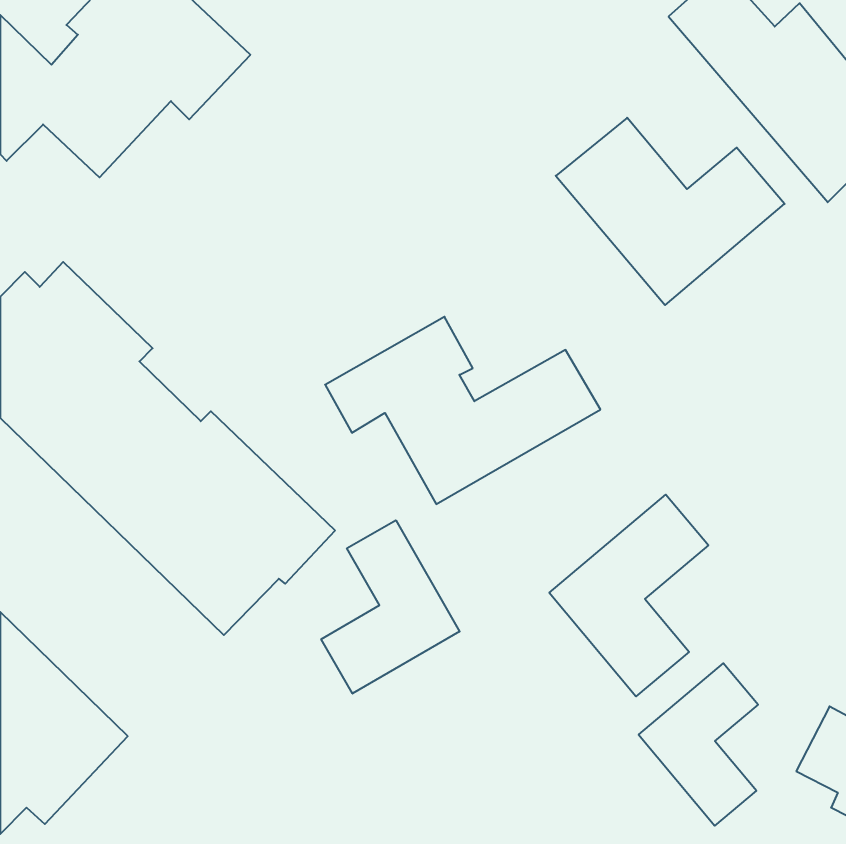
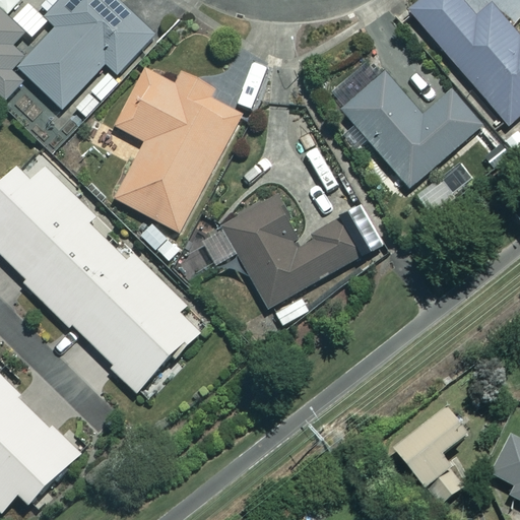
building: none -> [115,68,240,232]
building: [549,495,708,696] -> none
building: [321,520,460,694] -> none

